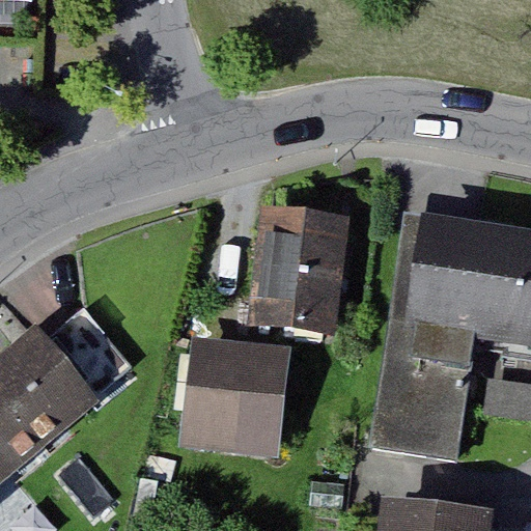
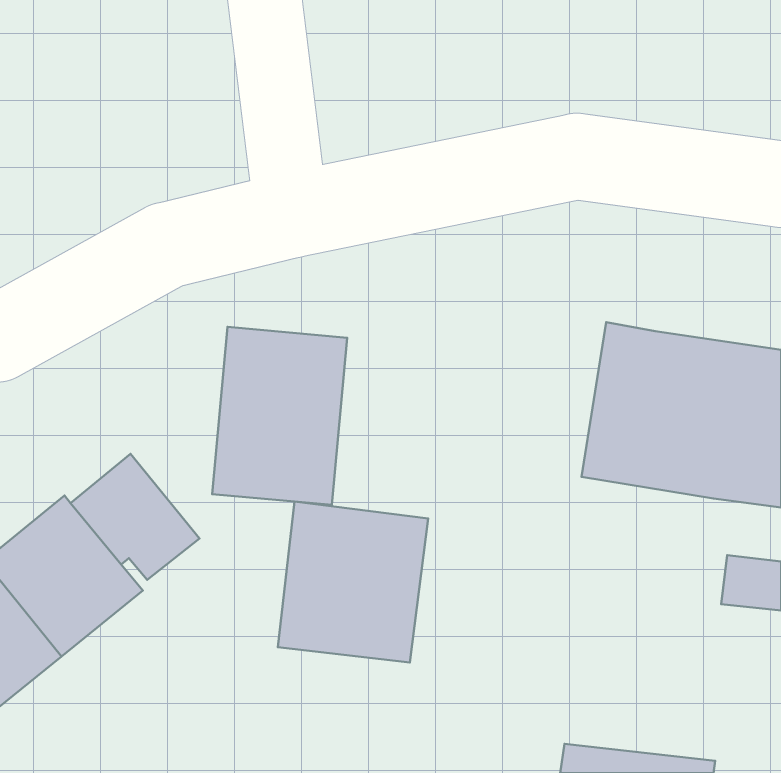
building: [252,209,343,330] -> [212,327,347,505]
building: [375,323,482,453] -> none

